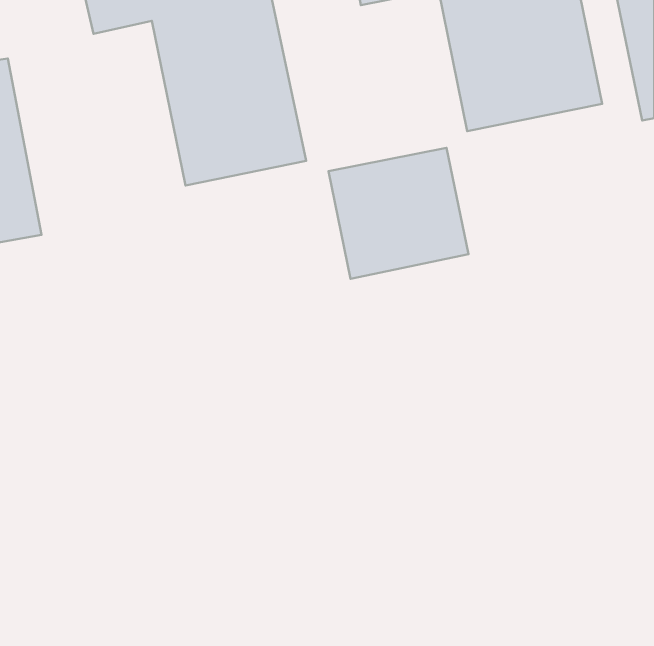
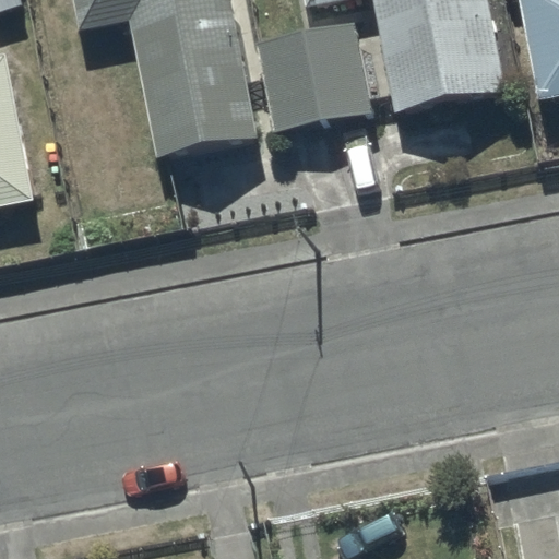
building: [328,148,469,279] -> [253,20,371,130]

